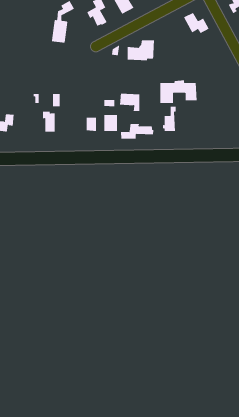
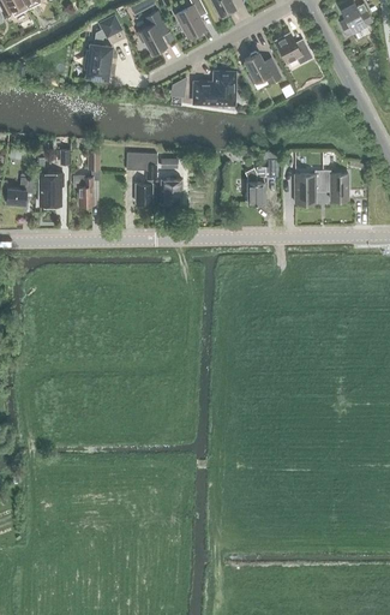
building: none -> [244,52,281,84]
building: [160,80,197,103] -> [294,171,348,204]
building: [119,93,140,112] -> [126,153,156,179]
building: none -> [40,174,62,207]
building: [120,123,154,140] -> none

